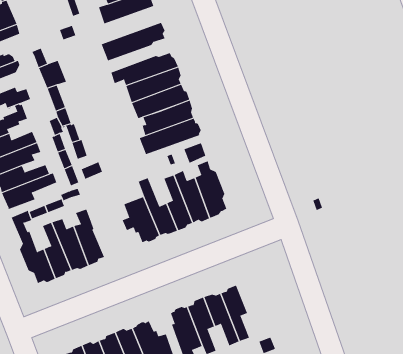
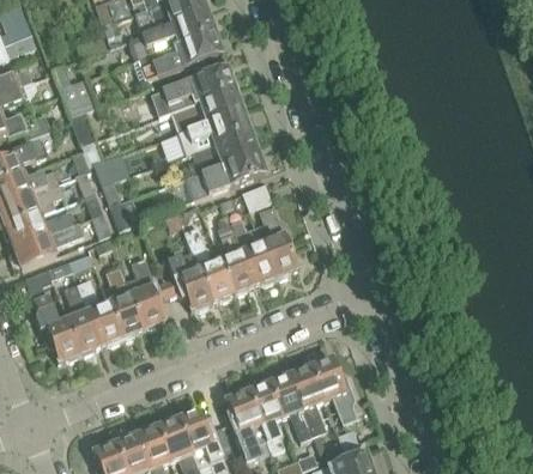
building: none -> [128,11,214,60]
building: none -> [126,256,170,328]
building: none -> [309,357,356,424]

